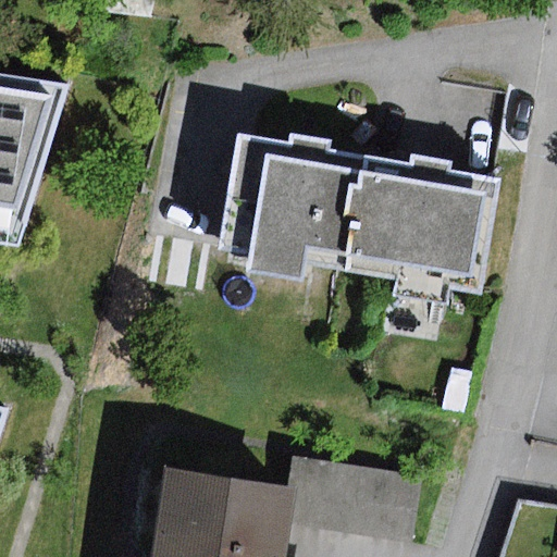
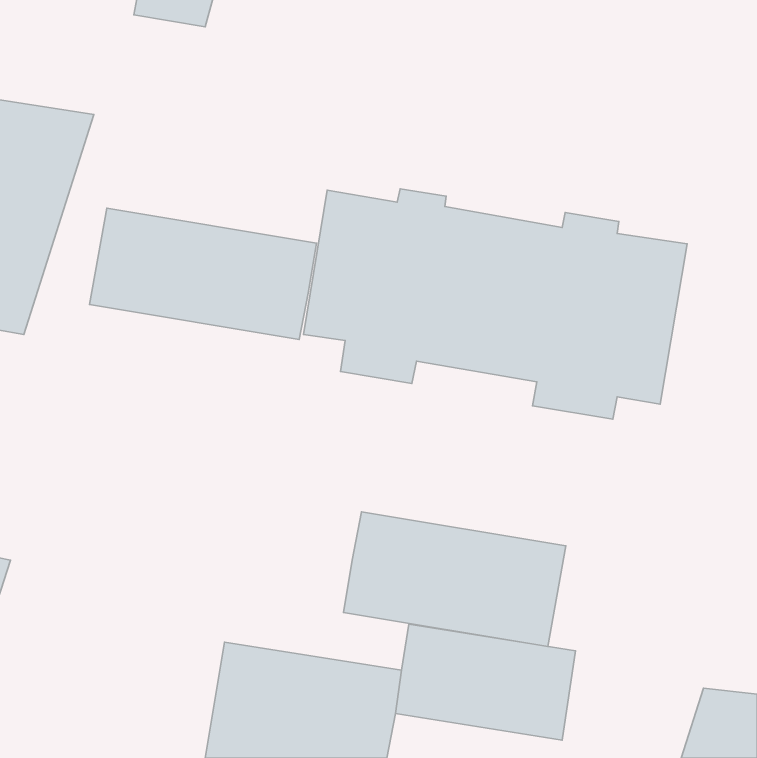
building: none -> [89,208,316,340]
building: none -> [343,512,566,647]

